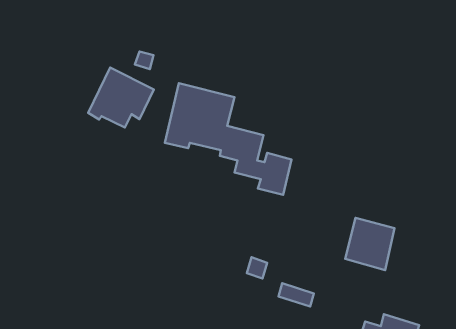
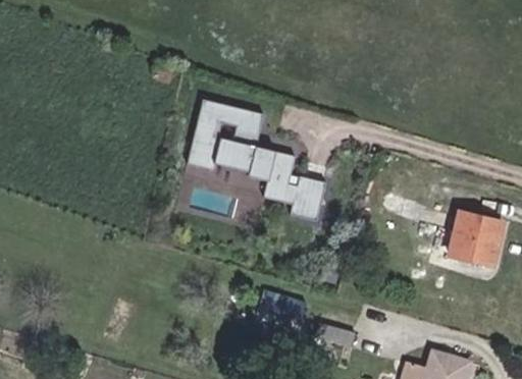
building: [88,68,154,127] -> none
building: [345,218,394,270] -> [447,210,501,267]

